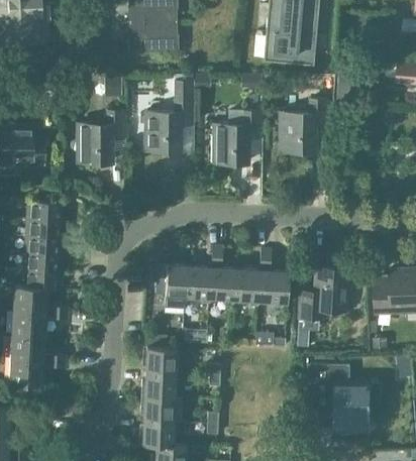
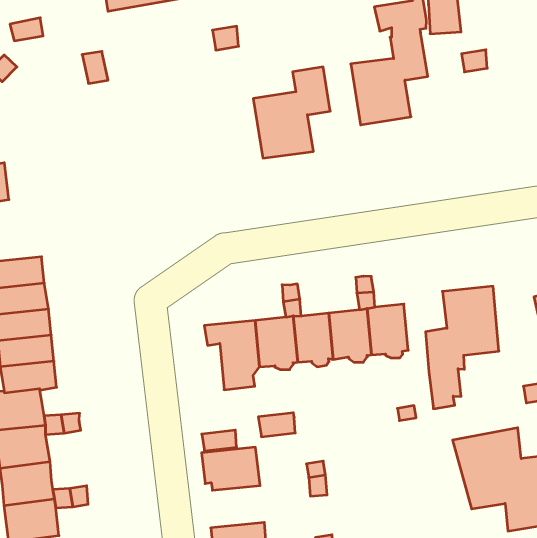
building: [145,80,192,151] -> none
building: [78,112,124,163] -> none
building: [140,372,177,398] -> none

